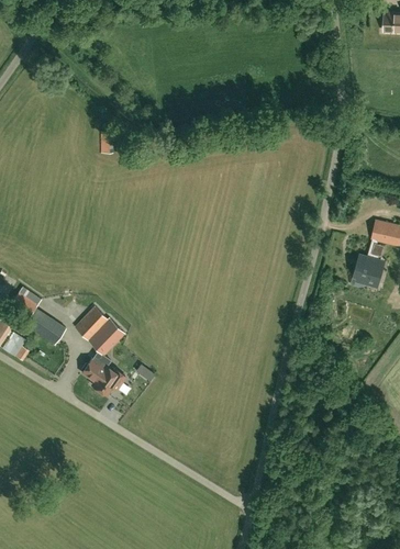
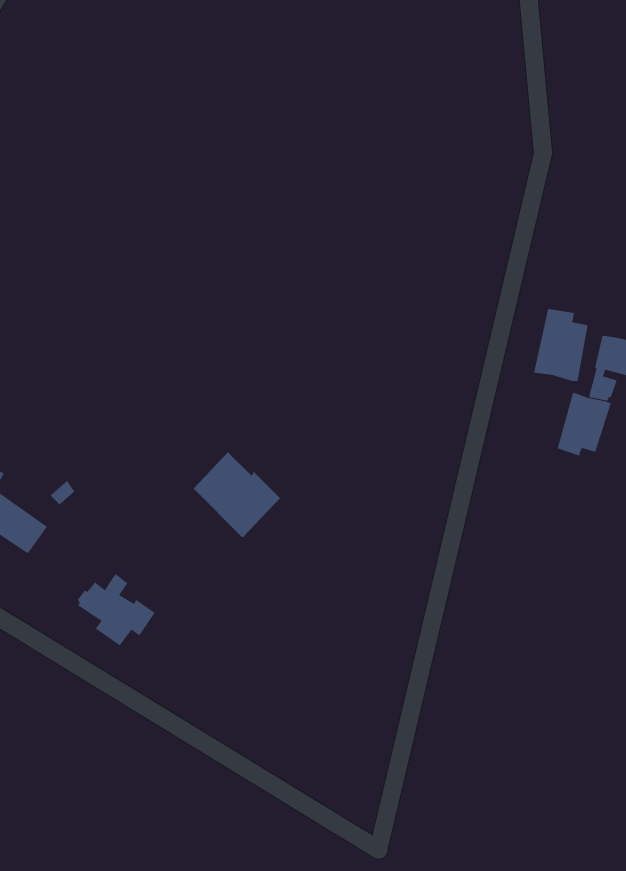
building: none -> [533,308,588,382]
building: [75,305,124,354] -> [193,451,281,537]

